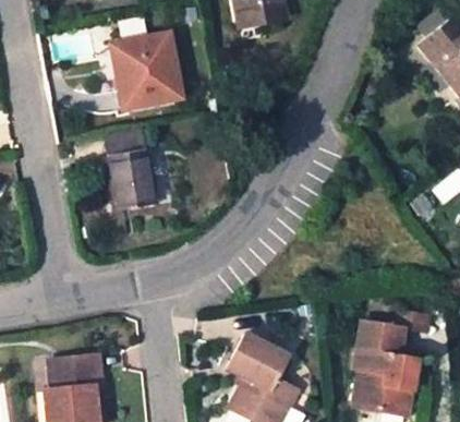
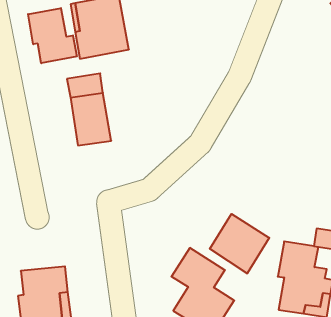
building: none -> [28,8,77,63]
building: none -> [210,214,269,274]

